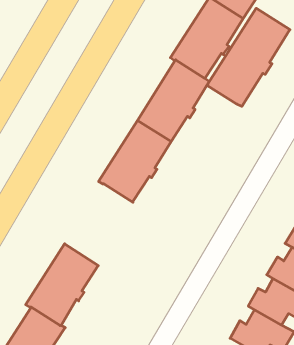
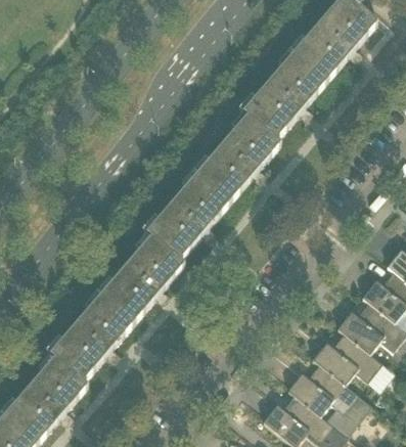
building: [207,8,290,106] -> none
building: none -> [100,235,184,322]

